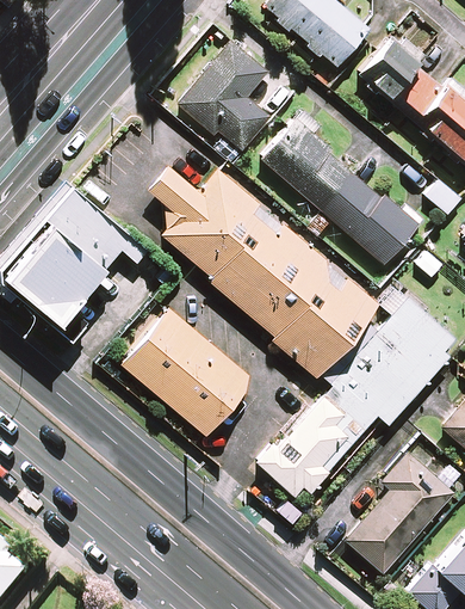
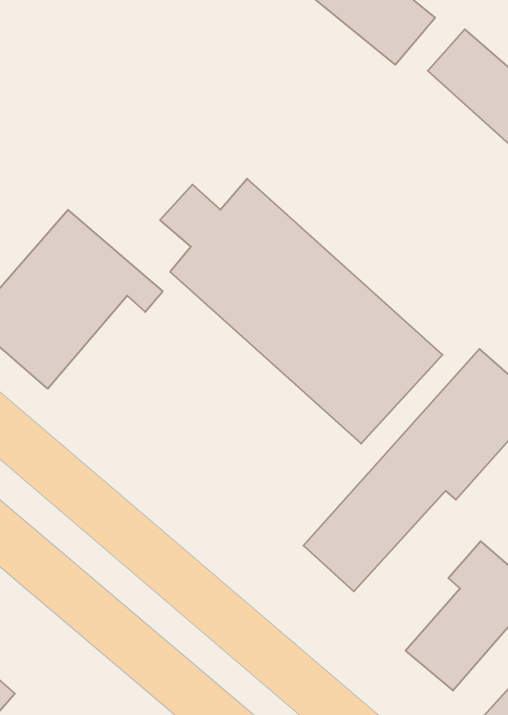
building: [180,43,271,150] -> none
building: [264,122,420,265] -> none
building: [117,302,252,433] -> none

